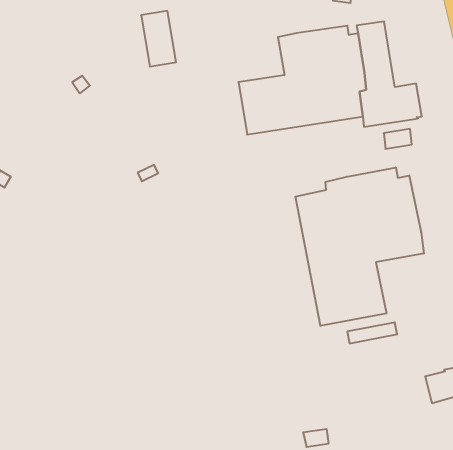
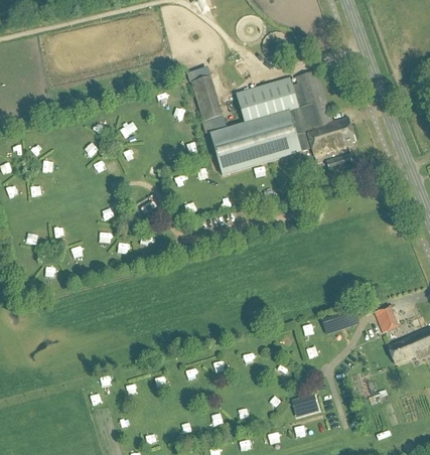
building: [141,11,176,67] -> [190,75,223,121]
building: [295,167,424,326] -> none
building: none -> [374,304,398,332]

